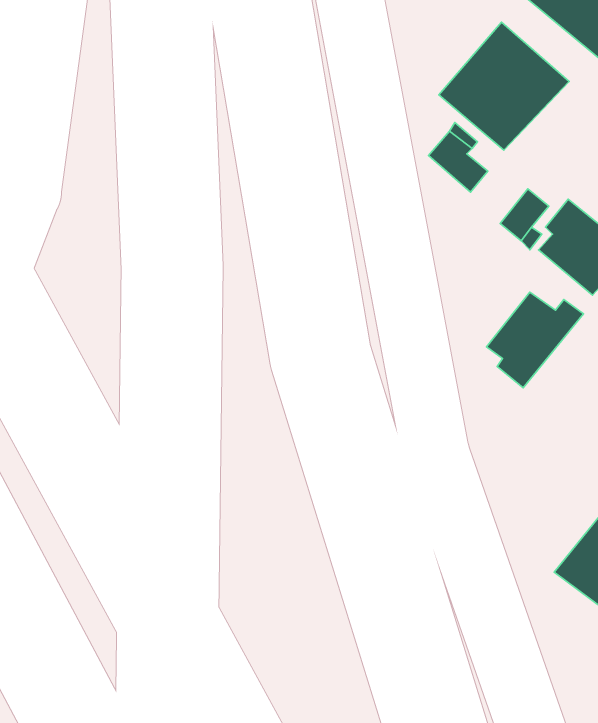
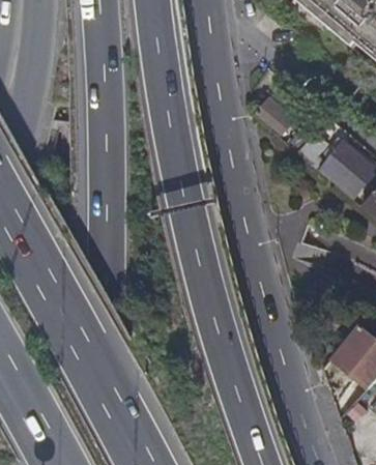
building: [439,22,569,150] -> none
building: [487,292,583,388] -> none

